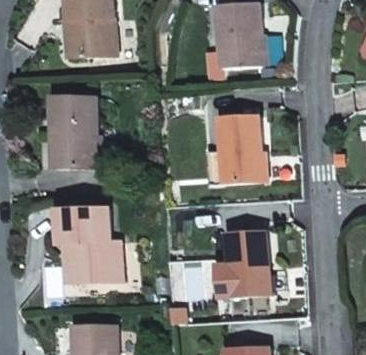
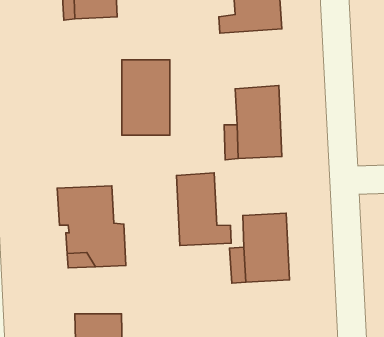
building: [53,97,97,166] -> [122,60,170,135]
building: none -> [176,173,231,245]

